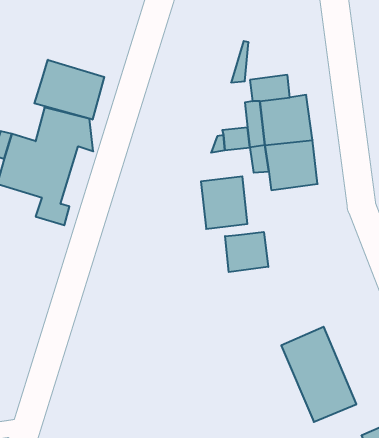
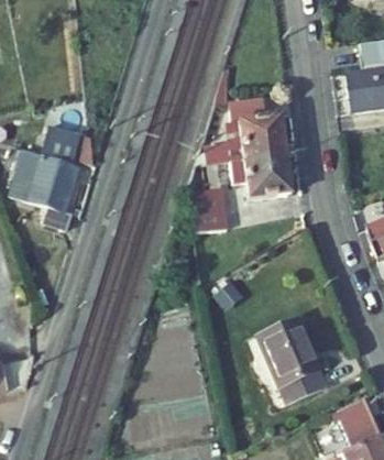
building: [34,60,104,120] -> none
building: [225,232,268,272] -> none

